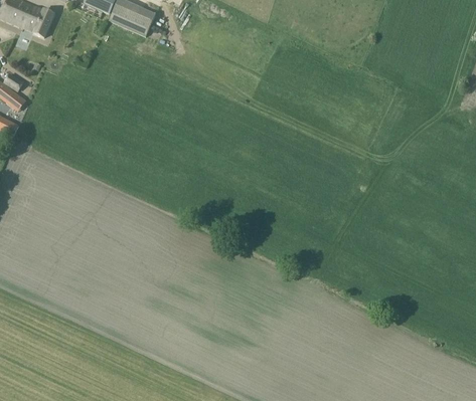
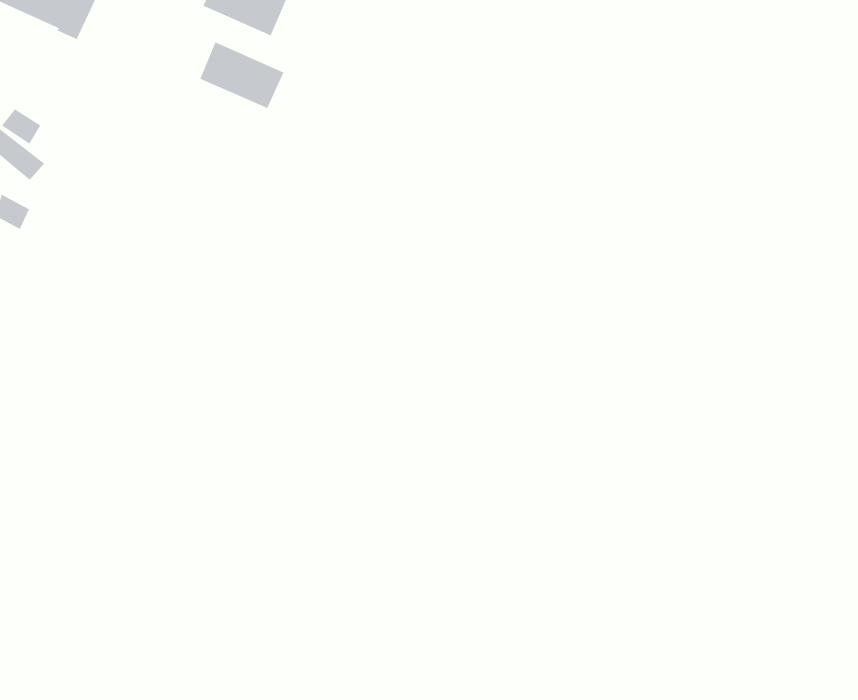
building: none -> [200,41,284,109]

